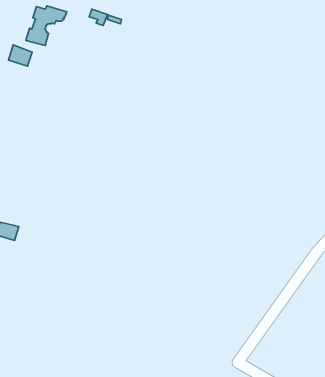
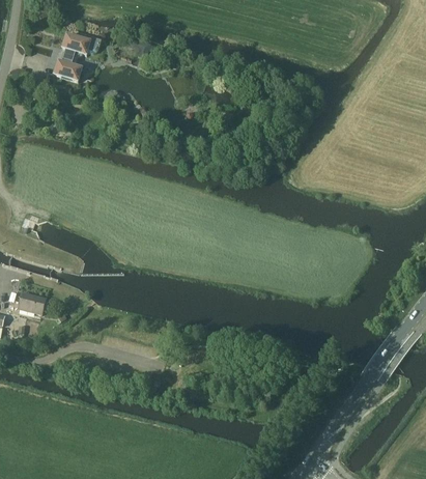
building: [9,45,32,66] -> none

